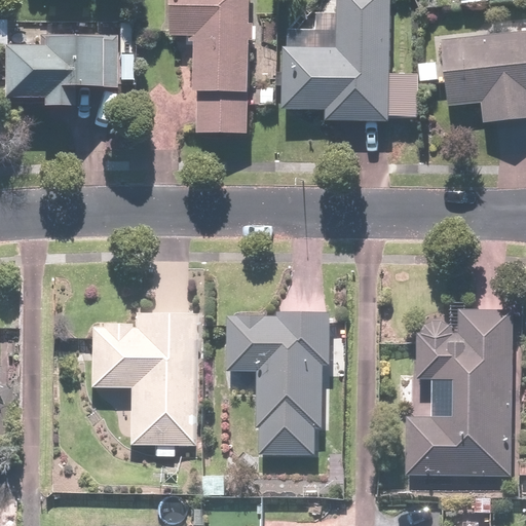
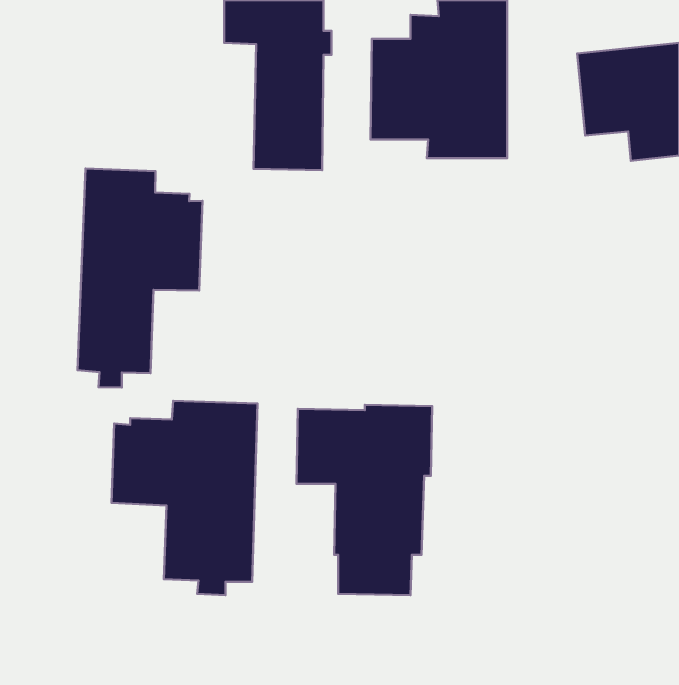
building: [6,32,105,106] -> none
building: none -> [77,169,202,388]
building: [409,306,513,476] -> none

